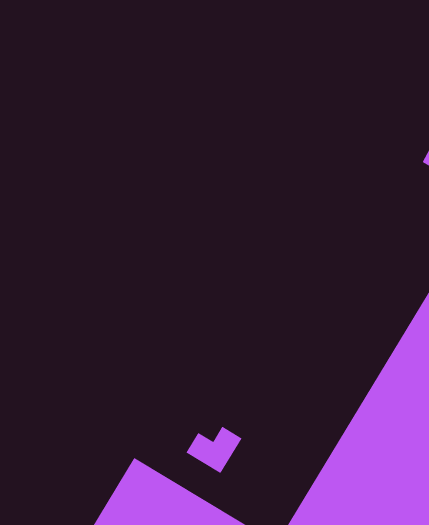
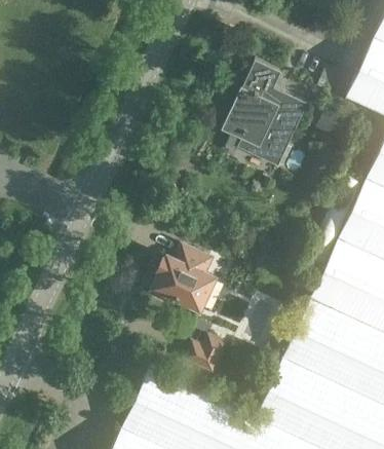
building: none -> [222,63,307,164]
building: none -> [151,247,214,308]

